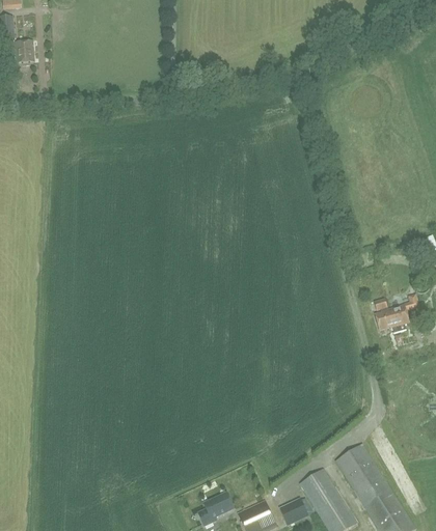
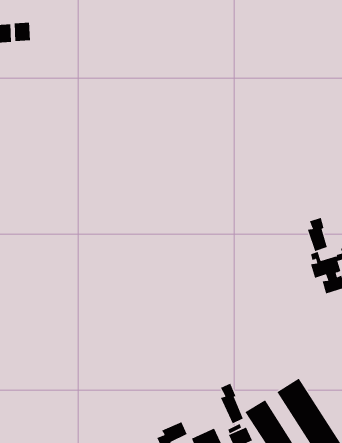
building: none -> [14,22,30,42]
building: none -> [307,217,327,252]
building: none -> [220,383,244,424]

